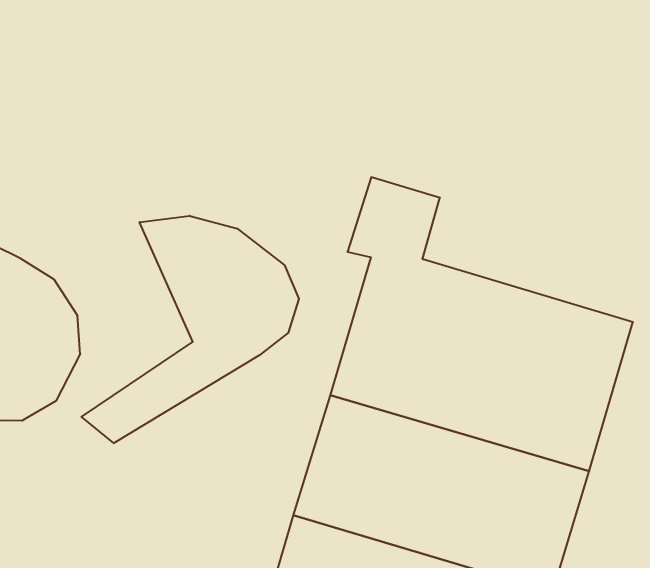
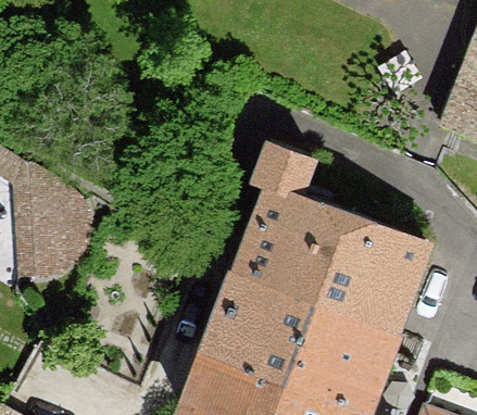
building: [81,216,299,443] -> none

